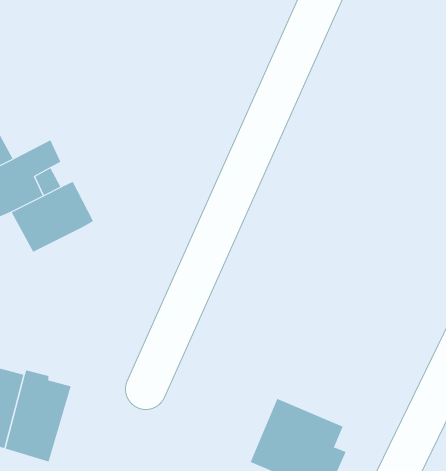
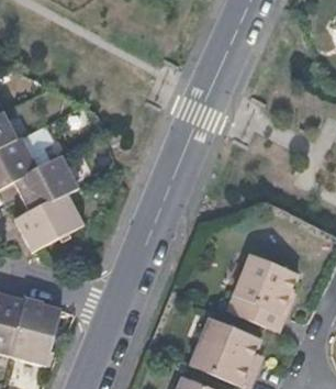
building: none -> [13,190,82,248]
building: none -> [219,255,296,331]

